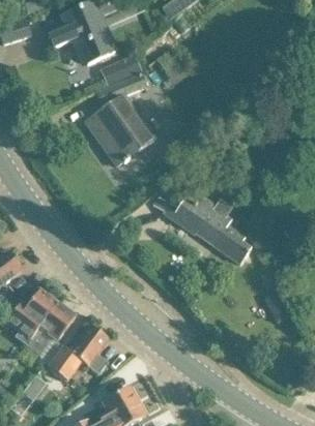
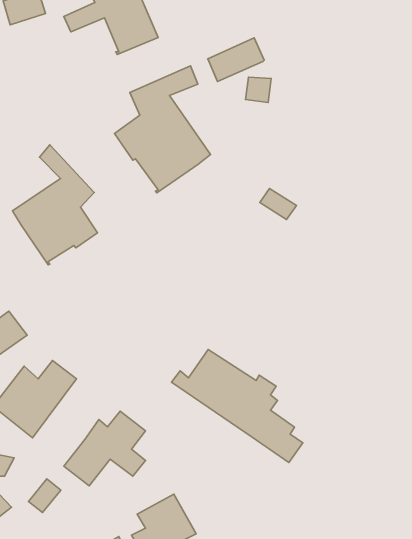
building: [102,55,143,87] -> [208,38,264,81]
building: none -> [12,145,98,265]
building: [155,181,252,264] -> [172,350,303,462]
building: [26,302,77,356] -> none

